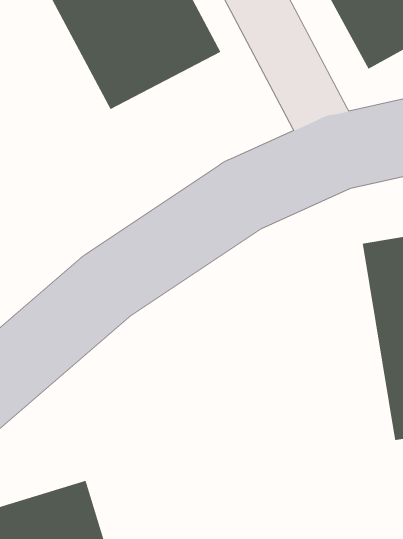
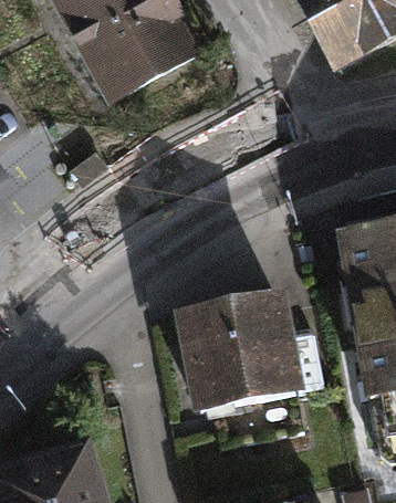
building: none -> [171,282,305,410]

